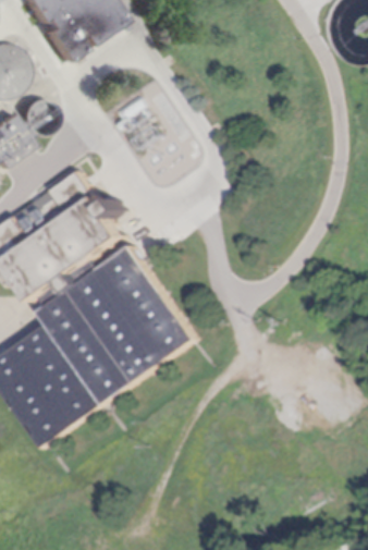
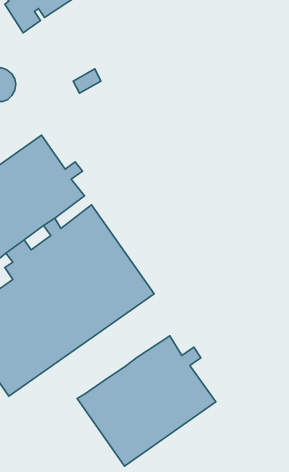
building: none -> [77,336,216,466]

